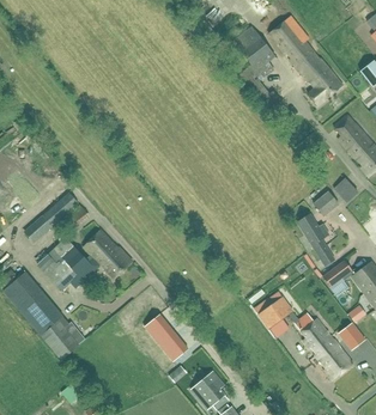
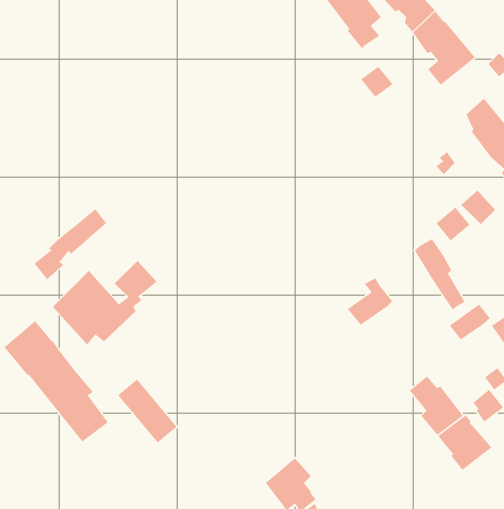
building: [97,244,132,277] -> none
building: [257,291,291,325] -> [347,277,394,326]
building: [146,311,189,358] -> [117,378,177,444]

